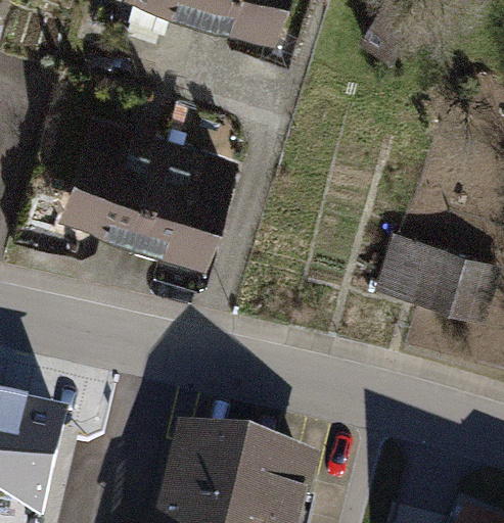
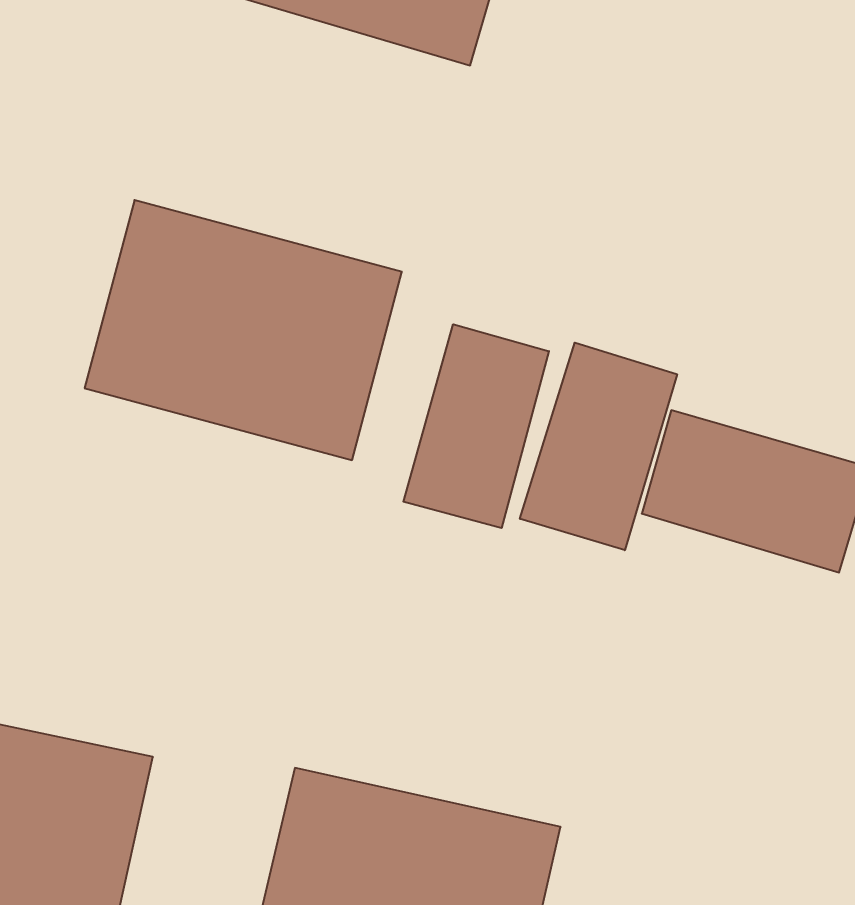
building: none -> [403,324,549,528]
building: none -> [520,343,677,550]

